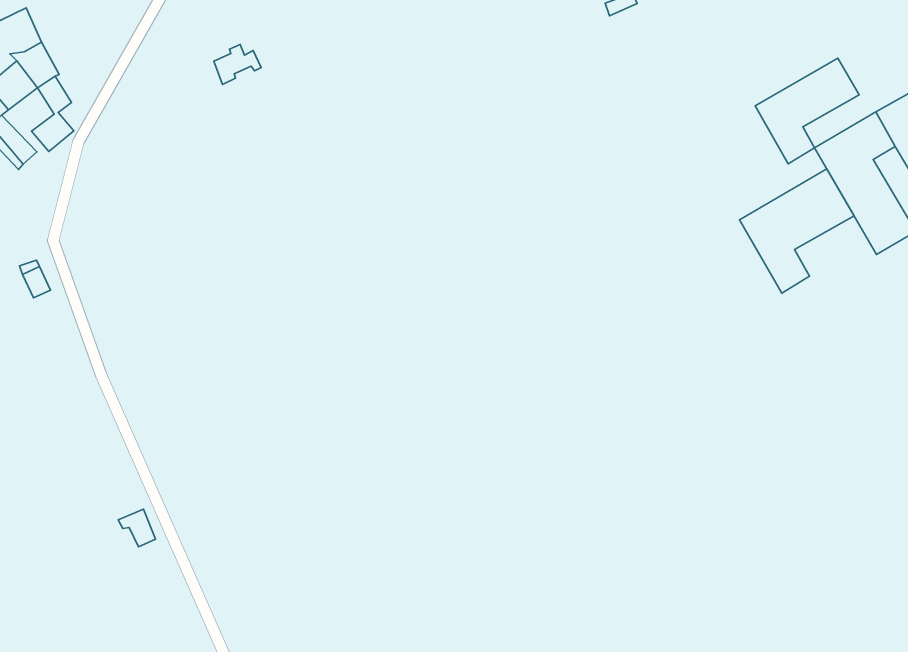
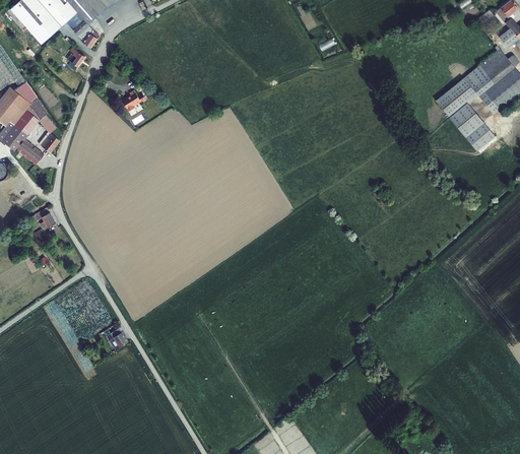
building: [755,58,859,164] -> none
building: [739,169,854,293] -> none

